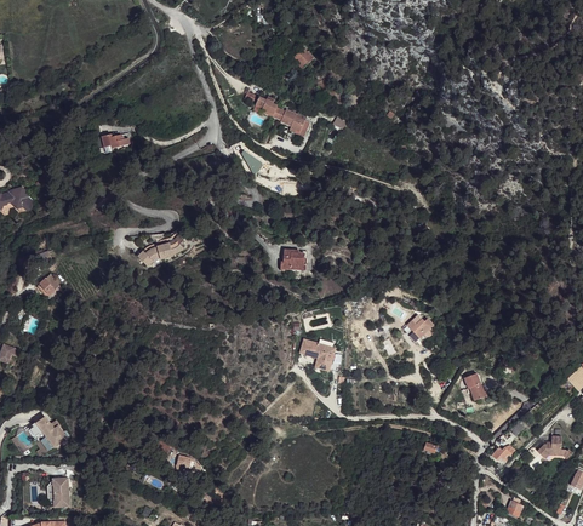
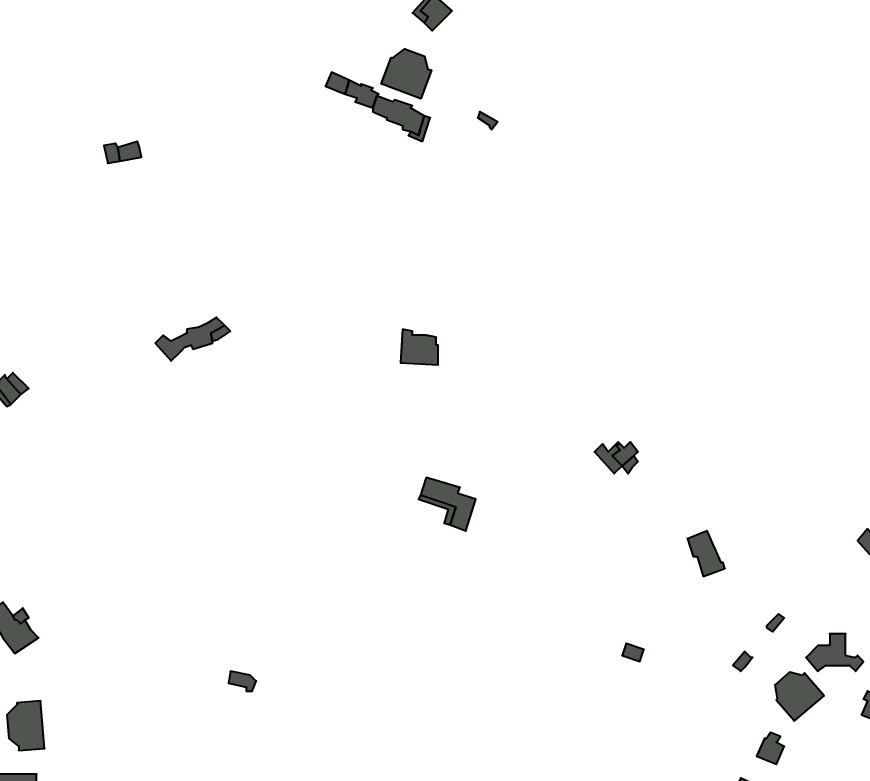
building: none -> [381,49,431,99]
building: none -> [775,672,824,721]

